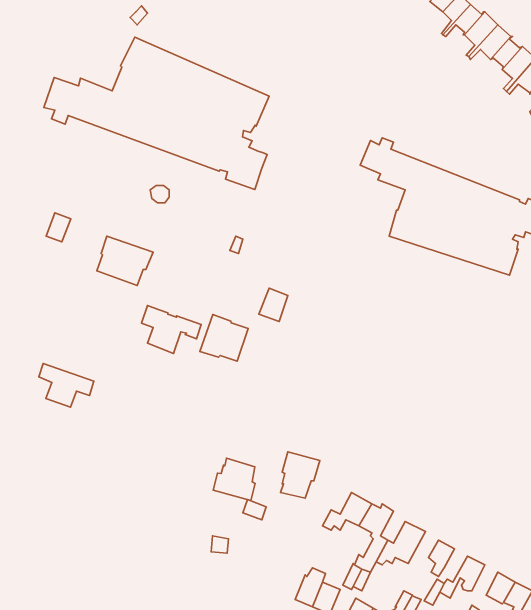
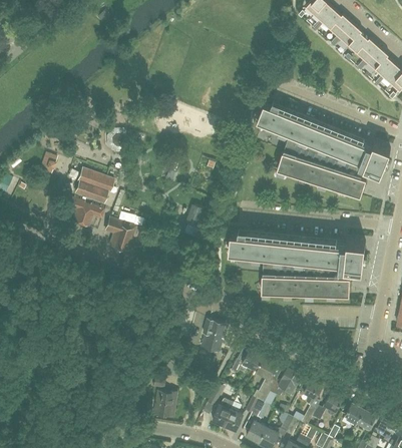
building: [44,37,269,189] -> none
building: [200,315,248,361] -> none
building: none -> [229,229,365,296]
building: [39,364,94,407] -> [66,197,104,228]
building: [213,458,255,501] -> none
building: none -> [153,391,176,416]

